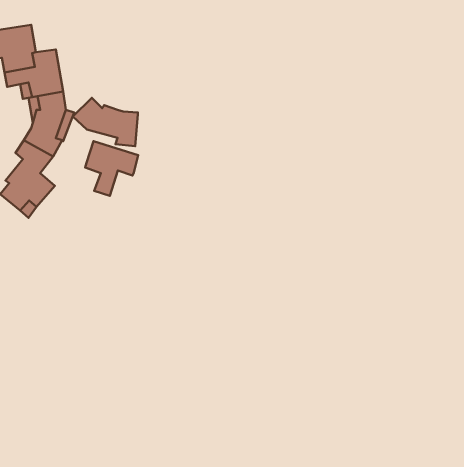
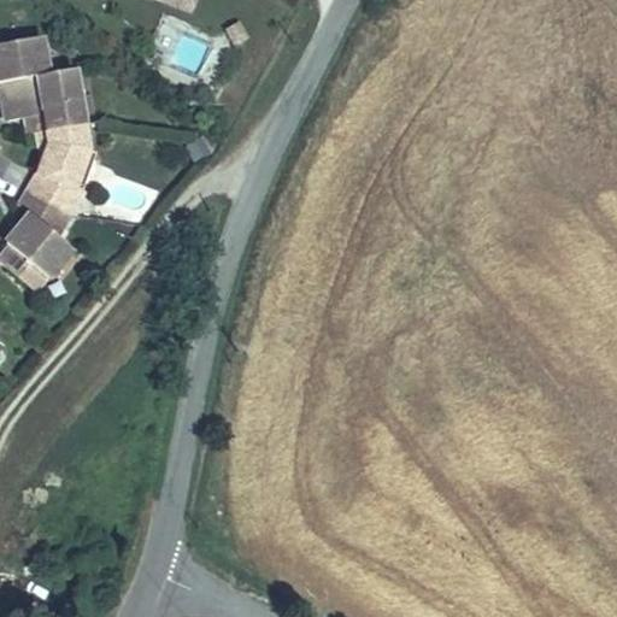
building: [73,98,138,146] -> none
building: [85,141,138,196] -> none

